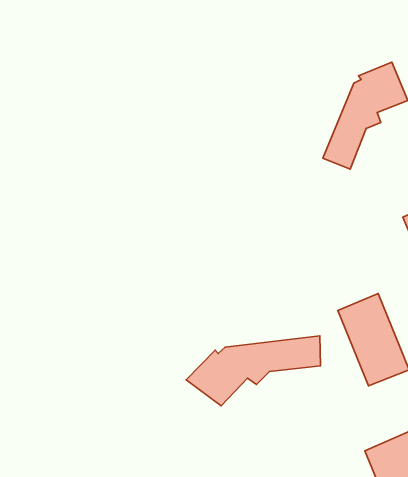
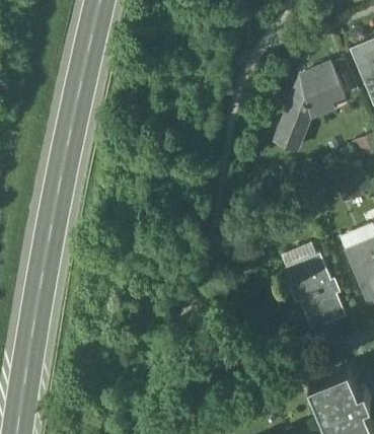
building: [186,336,321,406] -> none

